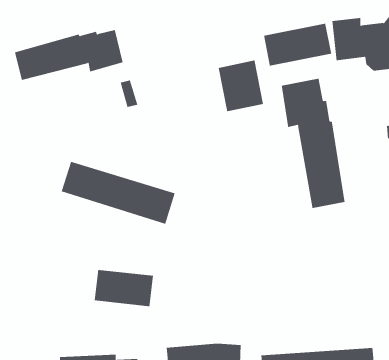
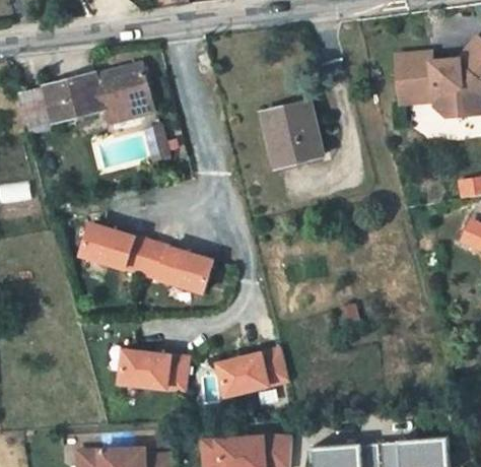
building: [263,23,332,66] -> none
building: [281,78,345,209] -> none
building: none -> [215,346,288,397]

